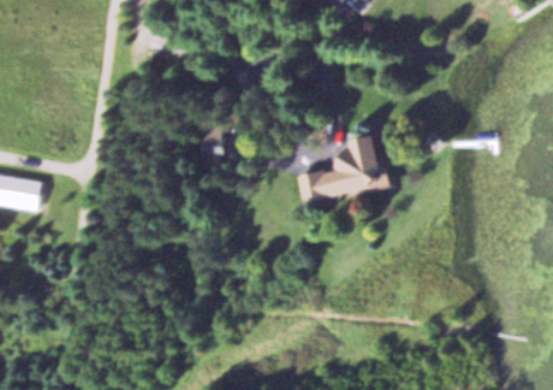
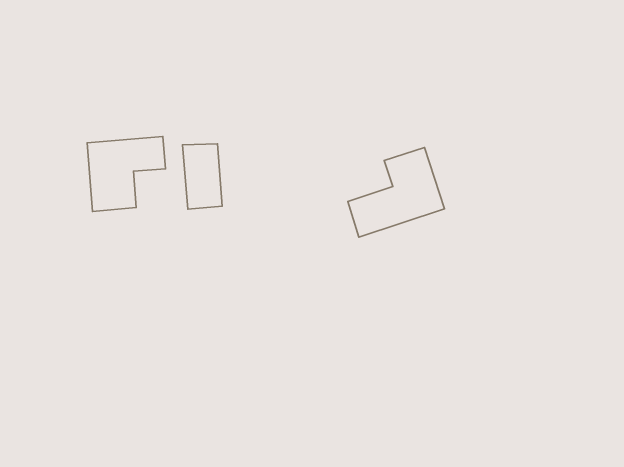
building: none -> [87,137,166,211]

